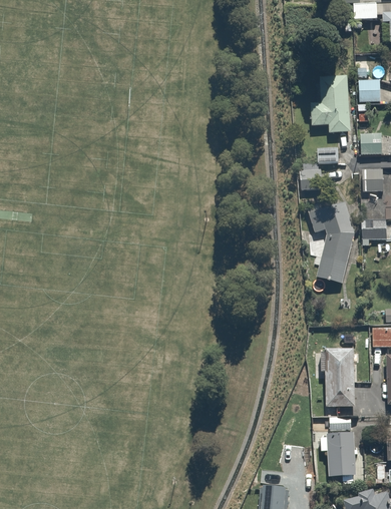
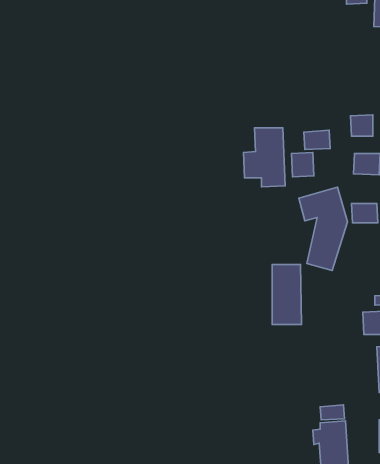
building: [359,76,381,99] -> none
building: [312,78,353,136] -> [243,128,285,187]
building: [326,350,355,409] -> [272,264,302,324]

